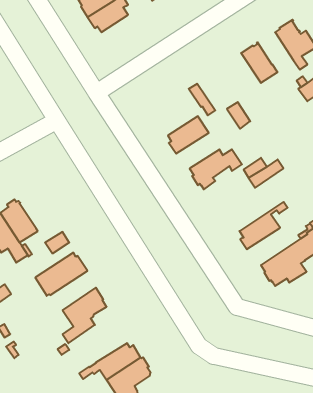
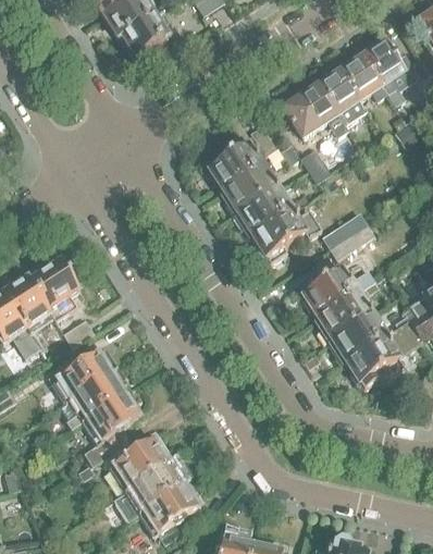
building: none -> [339,56,386,99]
building: none -> [283,83,347,135]
building: none -> [205,133,261,190]
building: none -> [233,187,289,234]
building: none -> [27,259,77,319]
building: none -> [299,267,373,316]
building: none -> [325,311,383,360]
building: none -> [59,368,127,428]
building: none -> [91,435,173,488]

